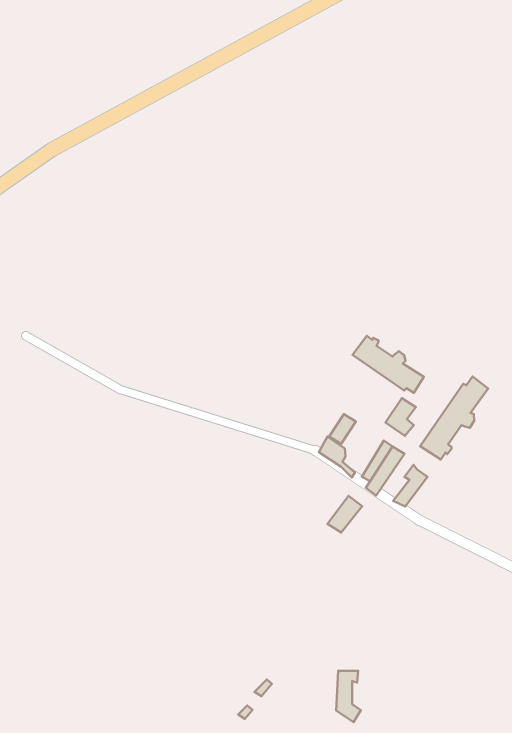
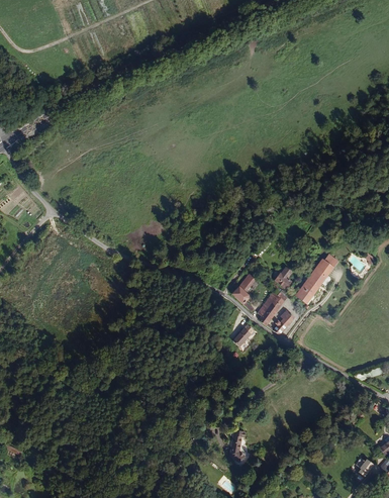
building: [353,336,424,393] -> none

